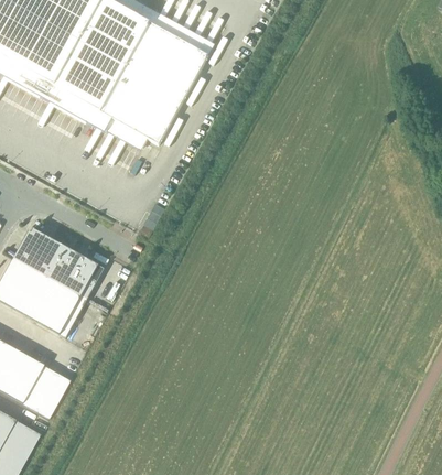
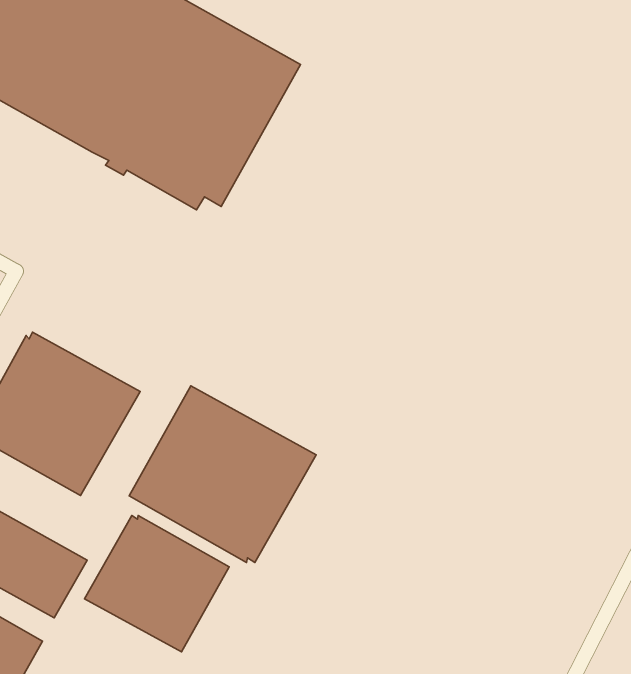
building: none -> [129,386,316,563]
building: none -> [85,516,229,652]

